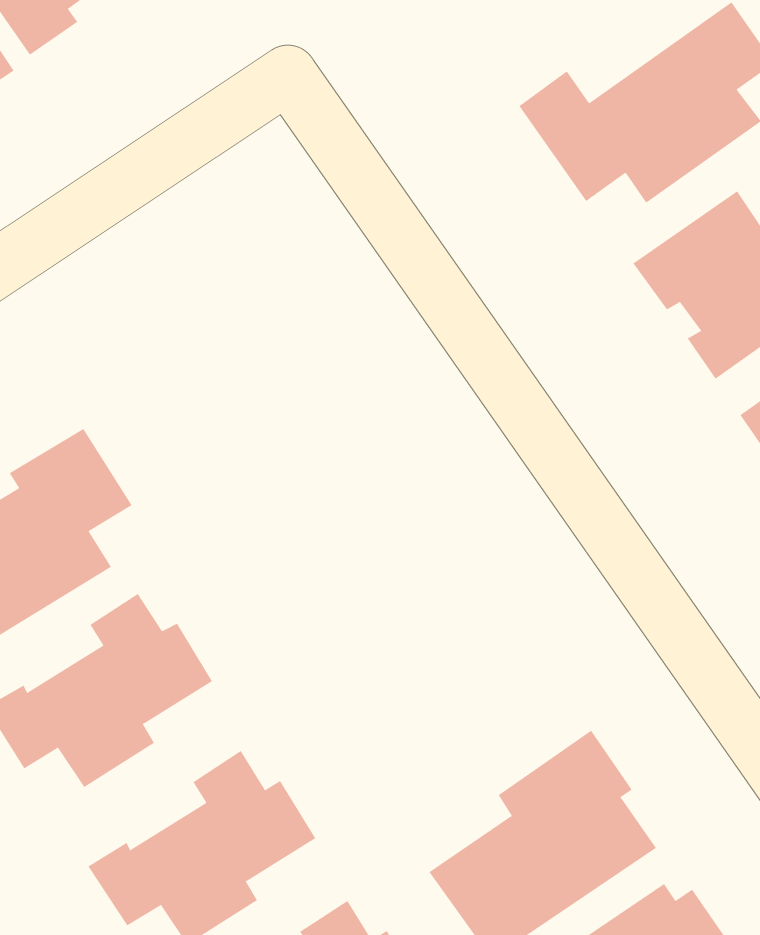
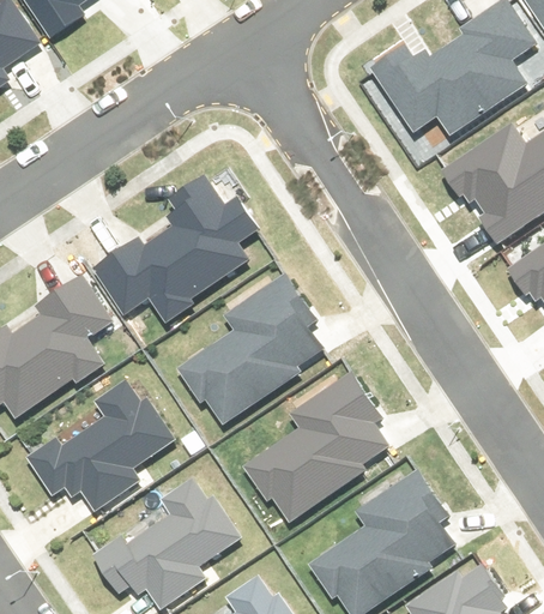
building: none -> [97,177,256,327]
building: none -> [185,279,315,426]
building: none -> [247,374,388,523]

